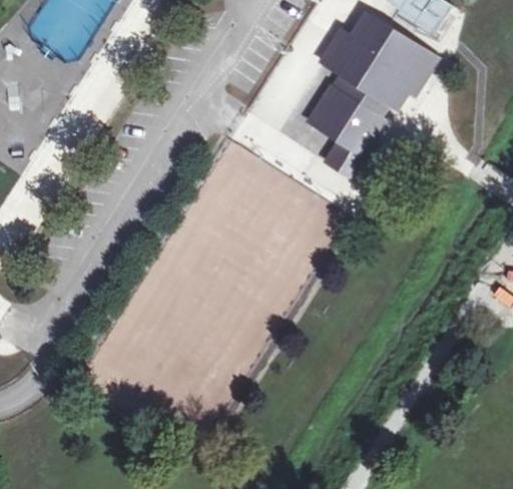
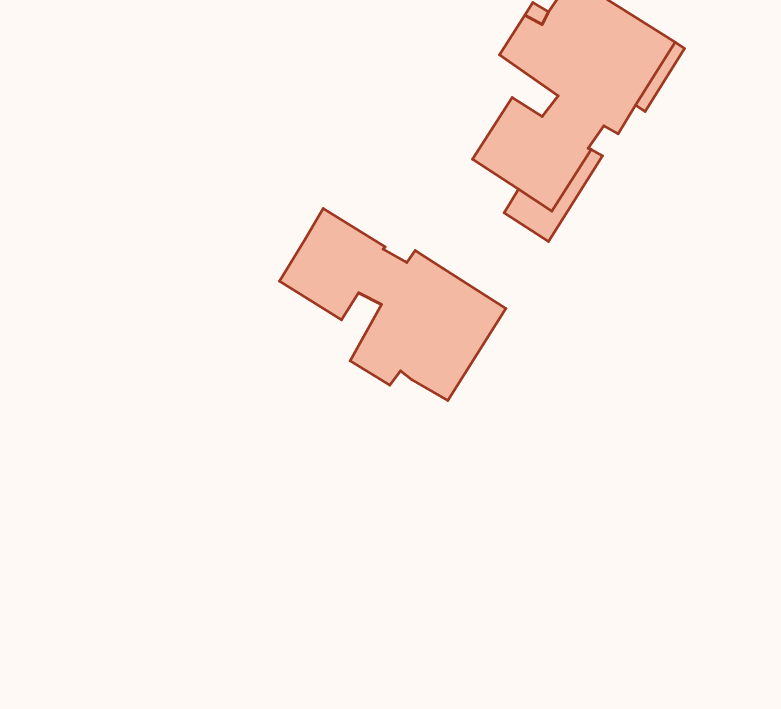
building: none -> [280,208,506,401]

